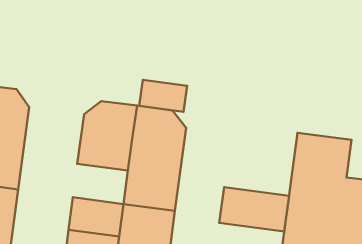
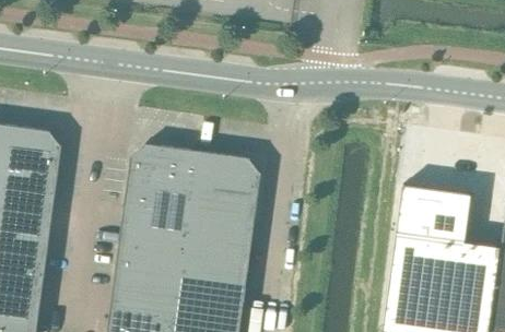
building: [139,80,187,112] -> none
building: none -> [116,224,186,275]
building: [219,187,289,232] -> none

